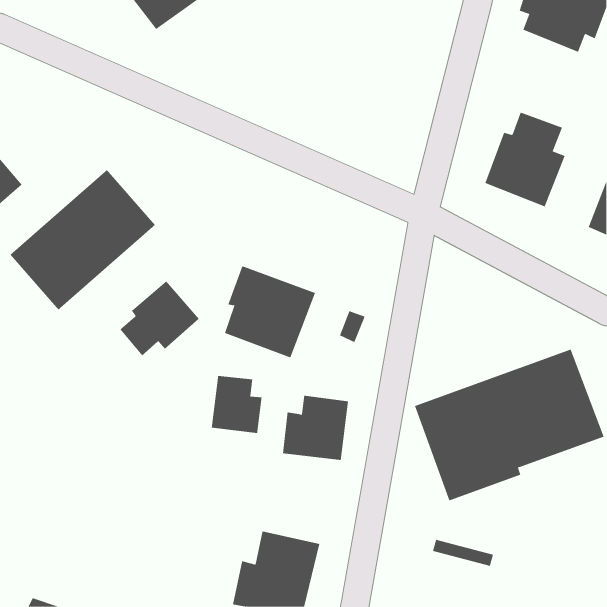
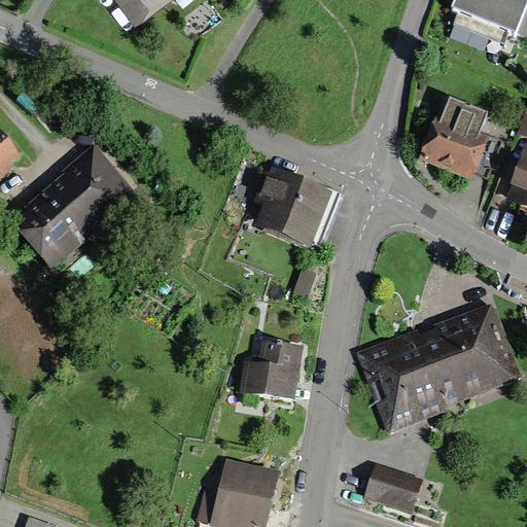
building: [224,265,316,358] -> [253,168,332,248]
building: [119,281,200,356] -> none
building: [211,375,262,434] -> none
building: none -> [363,477,415,513]

